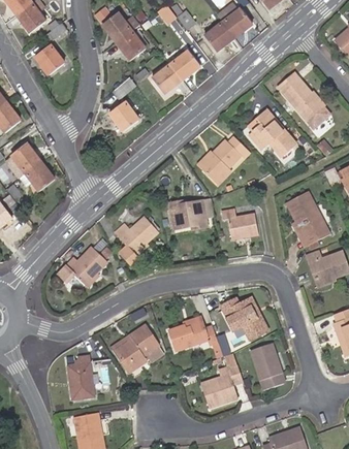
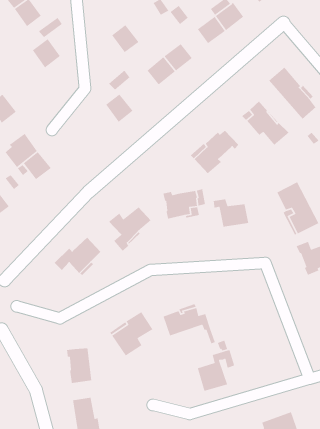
building: [102,12,138,41] -> none
building: [221,296,269,340] -> none
building: [251,344,283,390] -> none

